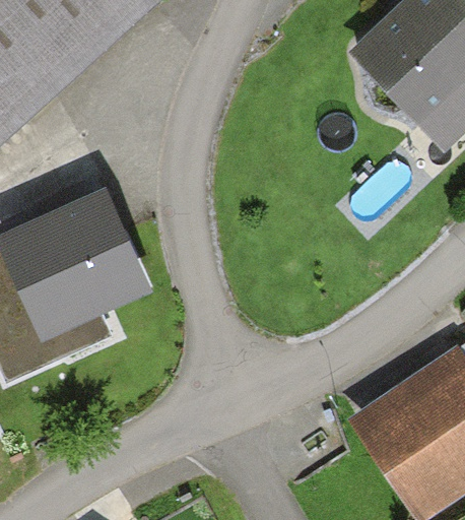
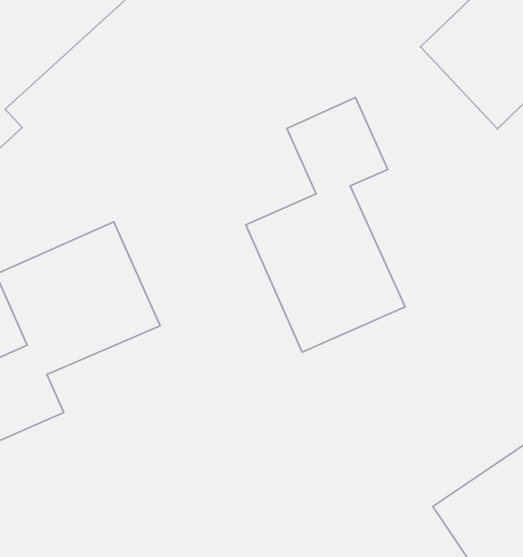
building: none -> [246,98,405,352]

